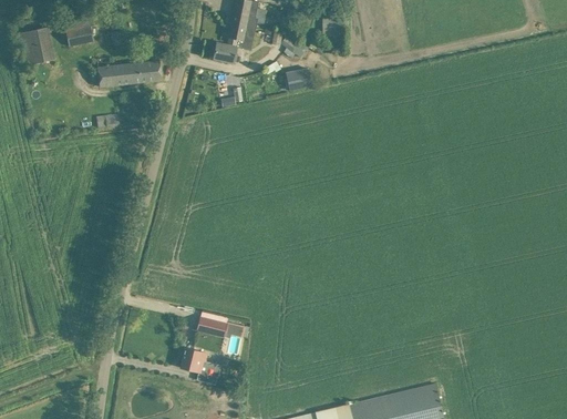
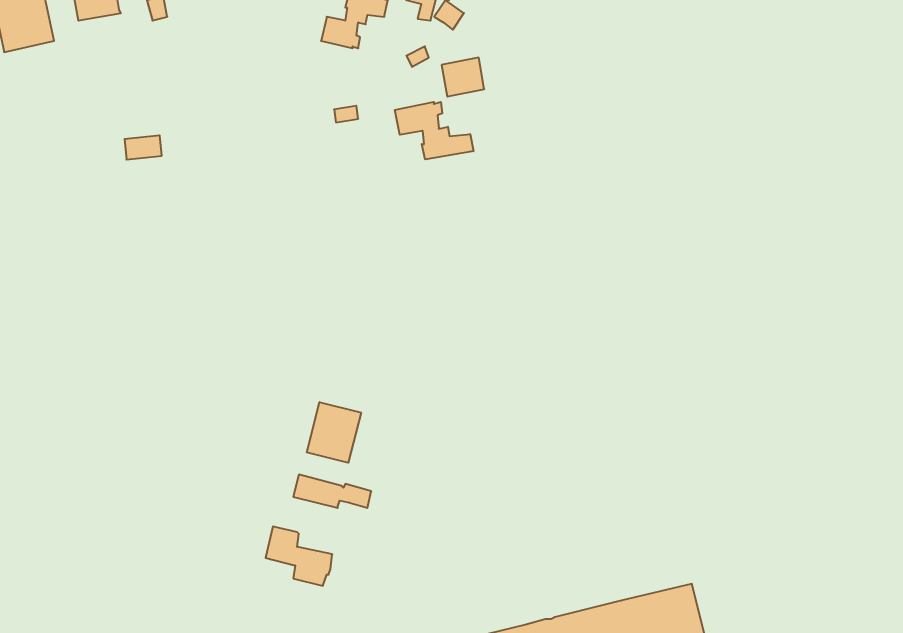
building: [97,60,162,86] -> none
building: none -> [395,102,473,159]
building: none -> [307,402,361,463]

